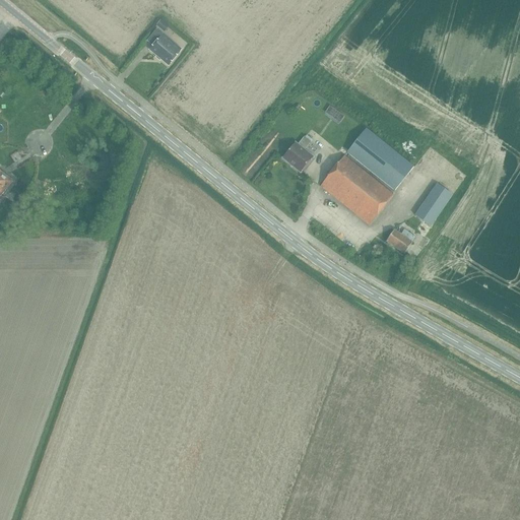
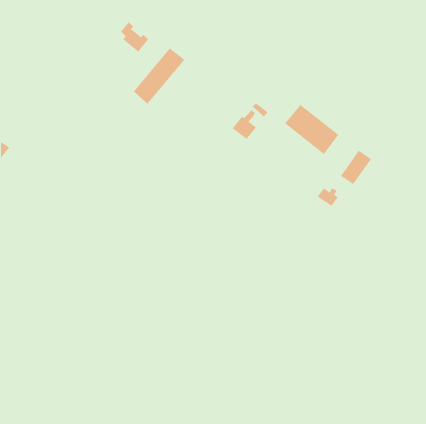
building: none -> [133,48,185,105]
building: [320,154,393,223] -> none

